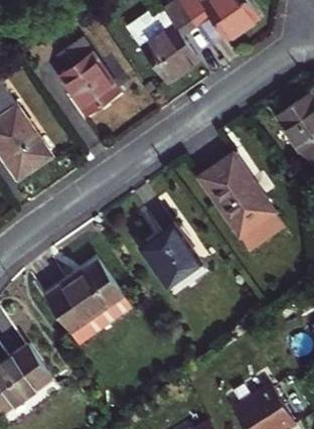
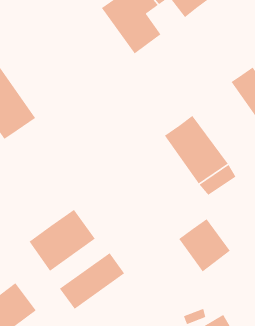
building: [52,40,117,118] -> none
building: [141,224,202,287] -> [178,218,231,273]
building: none -> [59,252,125,310]

